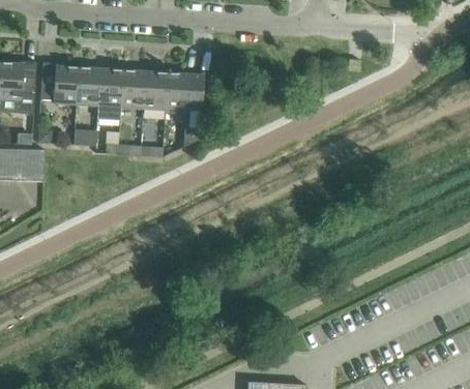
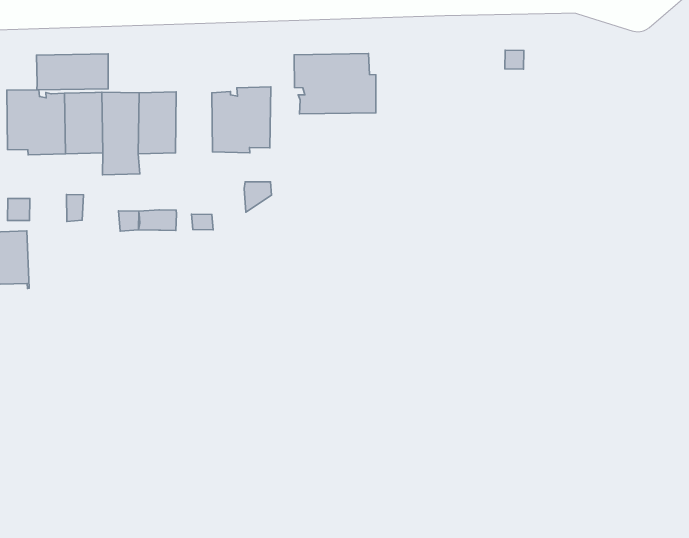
building: none -> [37,54,108,90]
building: none -> [294,54,376,114]
building: [143,71,168,110] -> none

